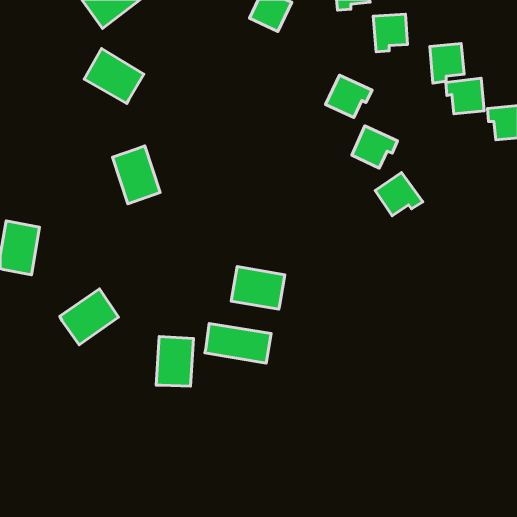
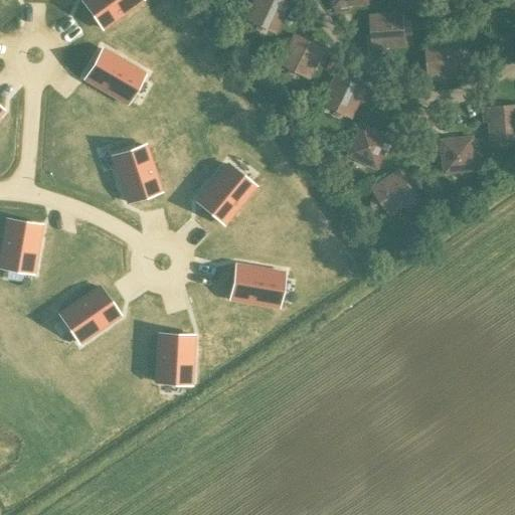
building: none -> [283,34,329,76]
building: [446,78,484,114] -> [438,137,476,172]
building: none -> [197,164,254,223]
building: [205,324,271,363] -> none

